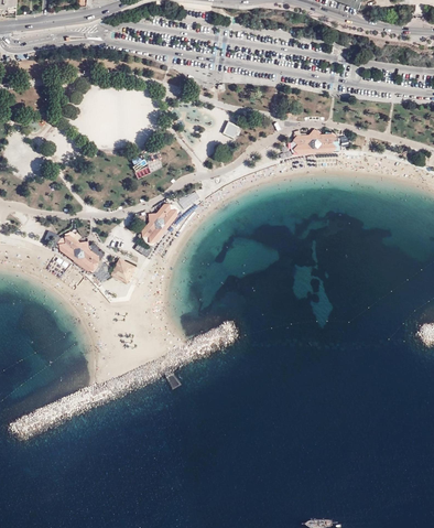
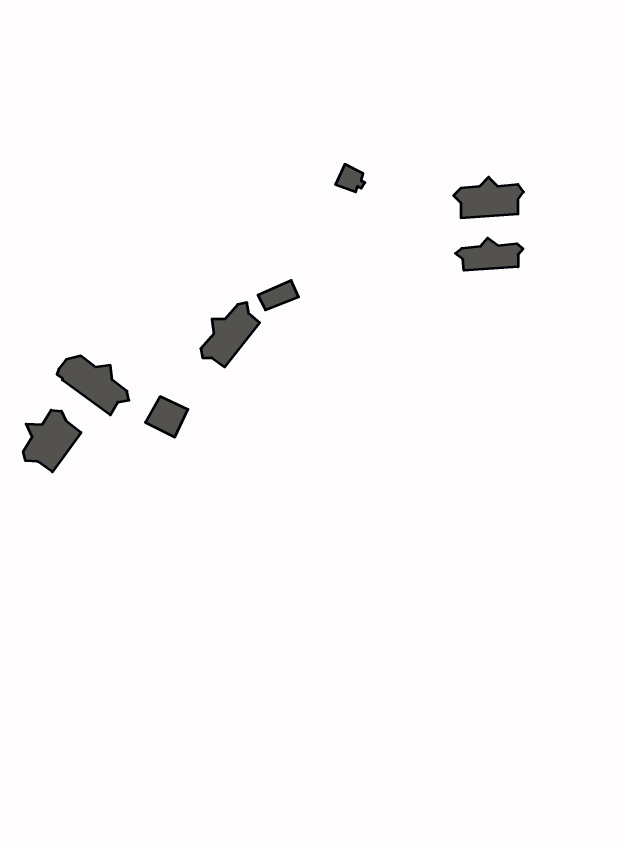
building: none -> [455,238,523,270]
building: none -> [23,410,81,472]

